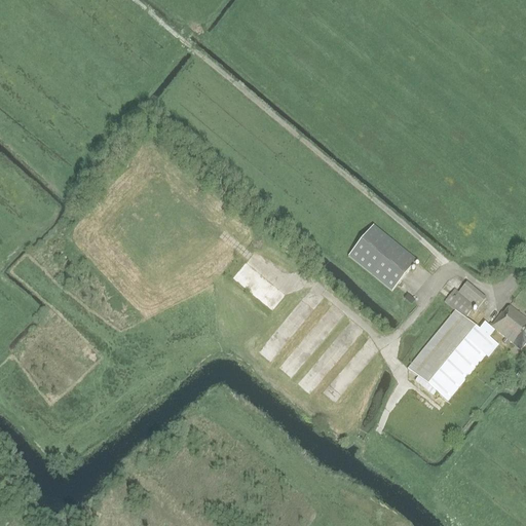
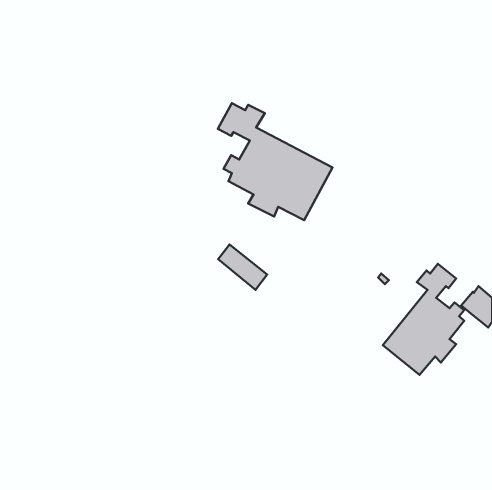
building: none -> [218,103,332,220]
building: [349,223,417,289] -> none

